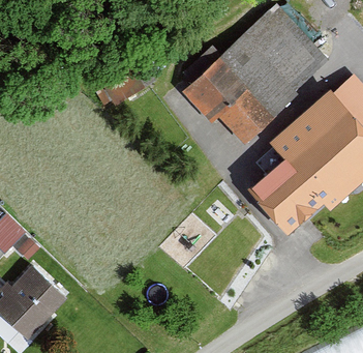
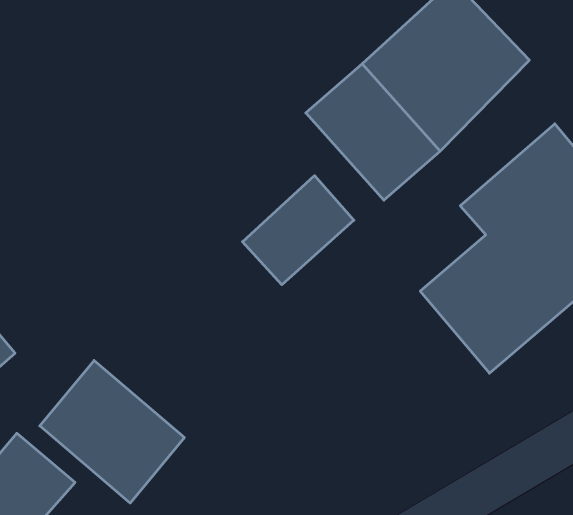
building: none -> [242,176,354,285]
building: none -> [40,360,184,503]

